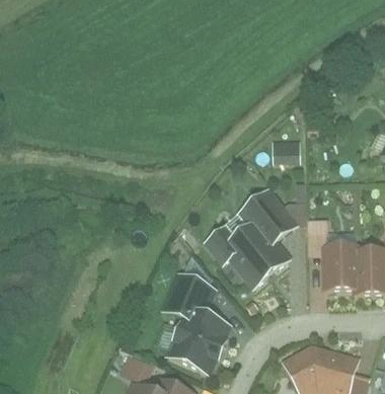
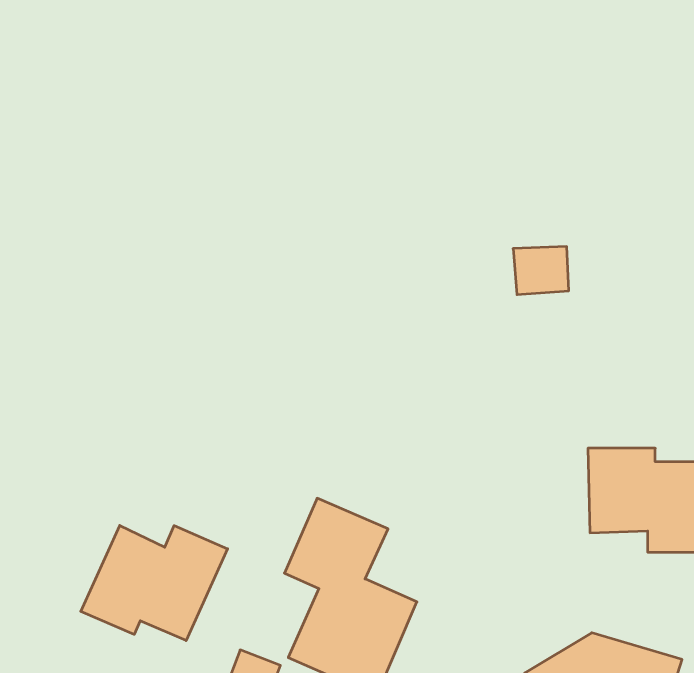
building: [204,188,298,290] -> none
building: none -> [81,525,228,641]

